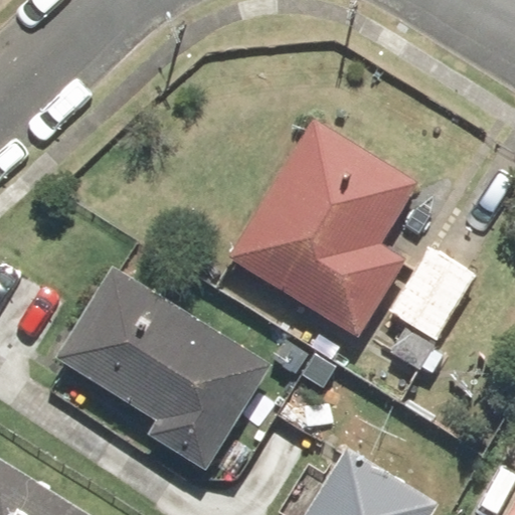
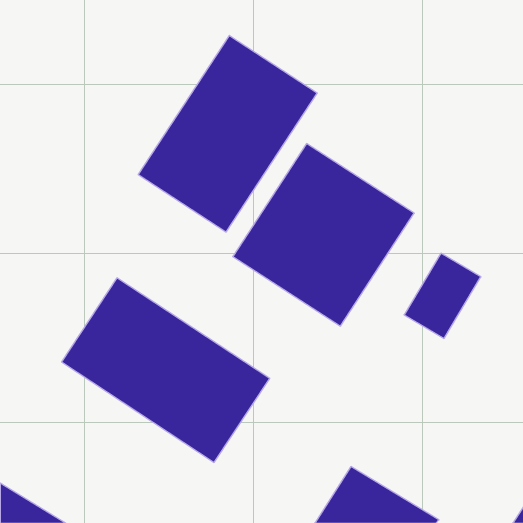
building: none -> [138,35,317,232]

